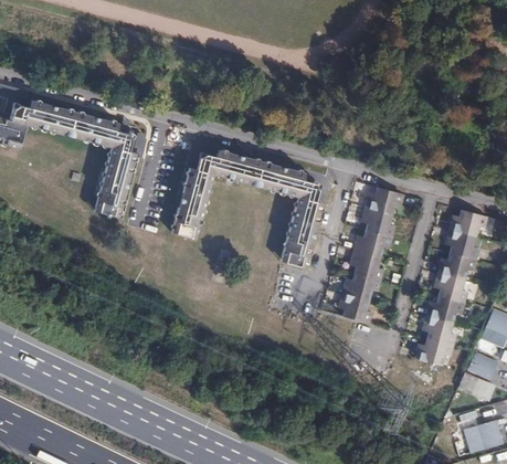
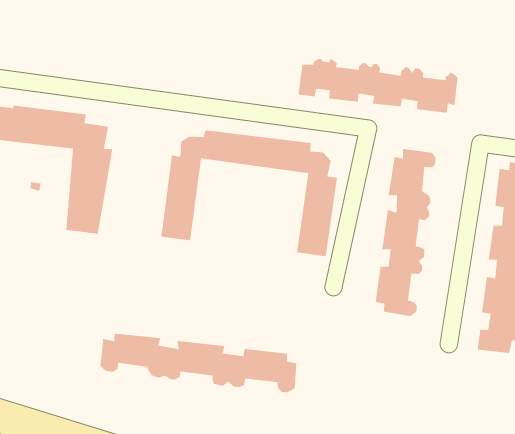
building: none -> [298,58,458,114]
building: none -> [100,333,297,393]

